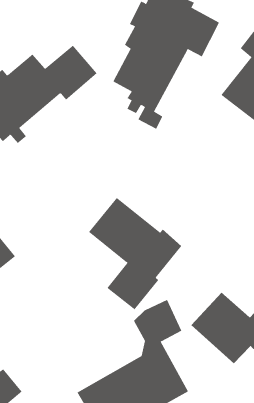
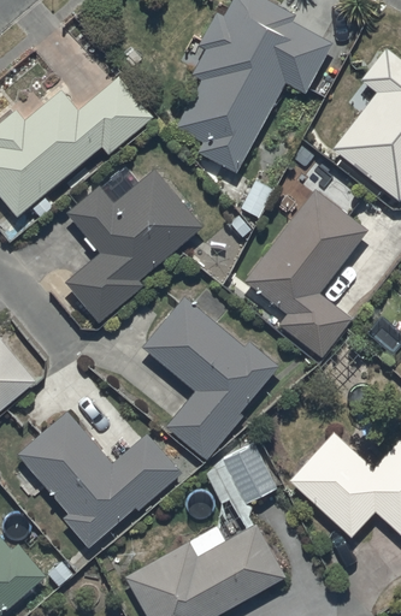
building: none -> [64,171,202,324]
building: none -> [243,190,367,359]
building: none -> [18,411,182,546]

